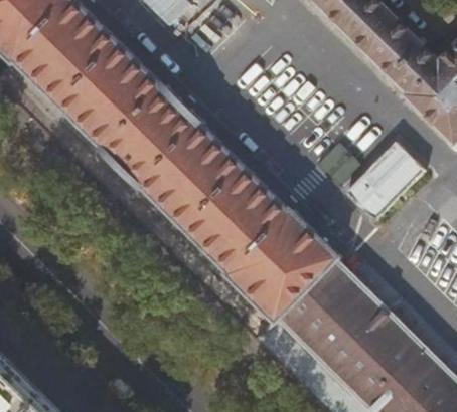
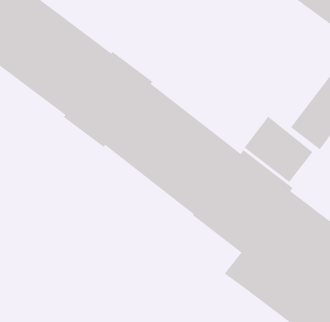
building: none -> [244,116,313,183]

